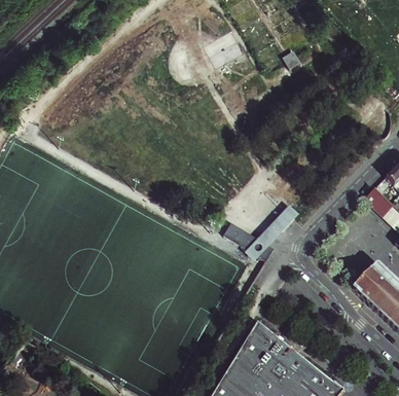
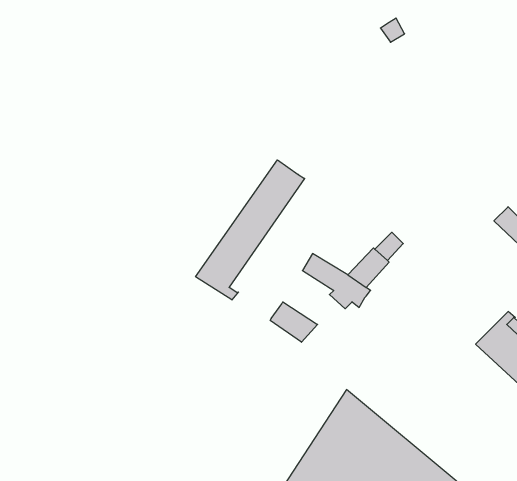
building: none -> [196,160,305,300]
building: none -> [270,302,318,342]

